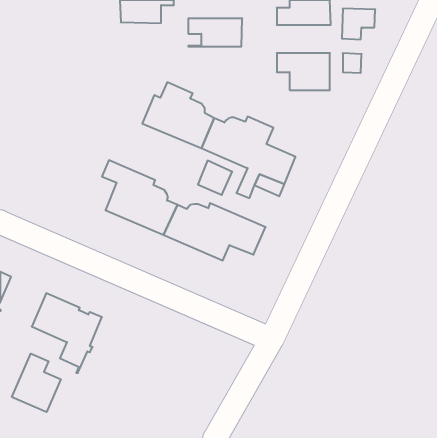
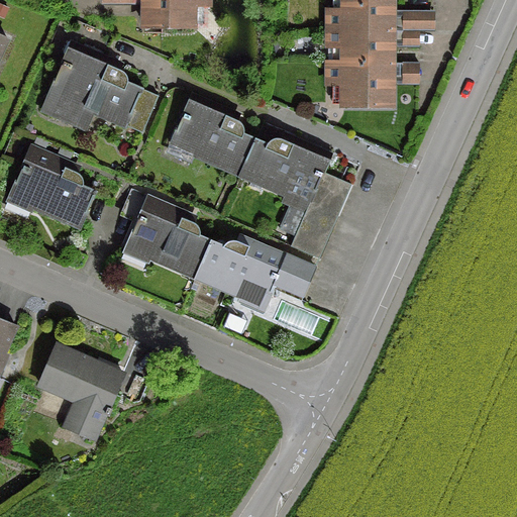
building: [188,18,242,47] -> [327,29,391,63]
building: none -> [42,45,157,133]
building: none -> [8,145,94,227]
building: [198,161,232,195] -> [290,218,330,258]
building: [12,354,61,412] -> none

